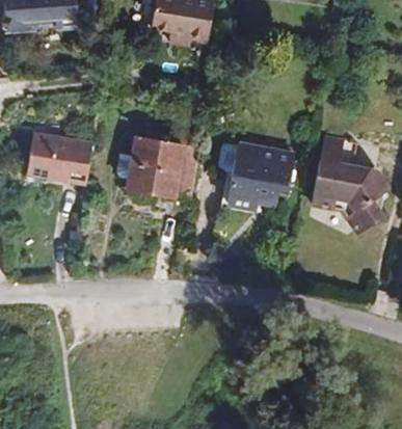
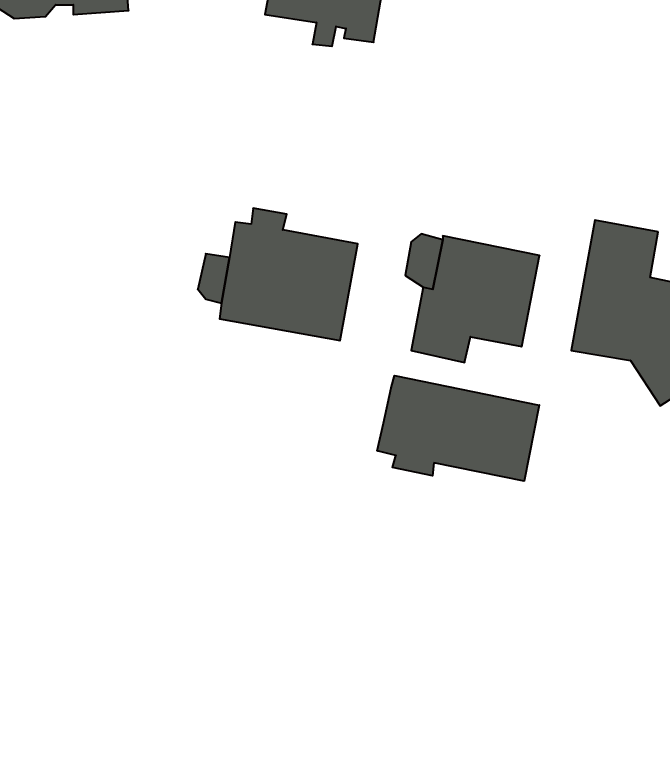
building: [27,133,92,184] -> none
building: none -> [377,376,539,481]

